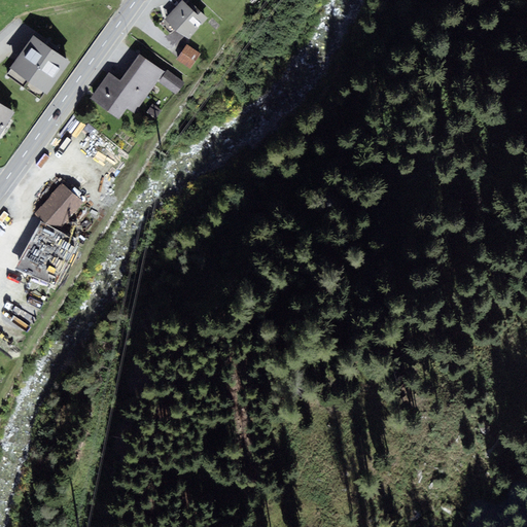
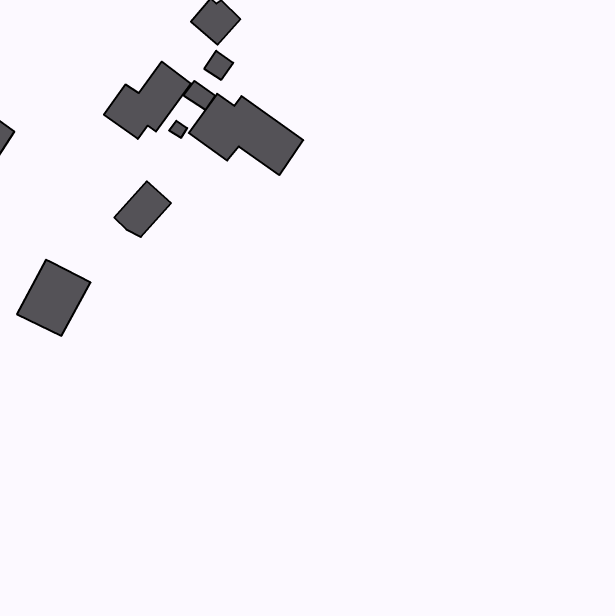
building: [7,34,70,95] -> none
building: none -> [189,94,303,175]
building: [33,182,81,230] -> [114,181,171,237]

